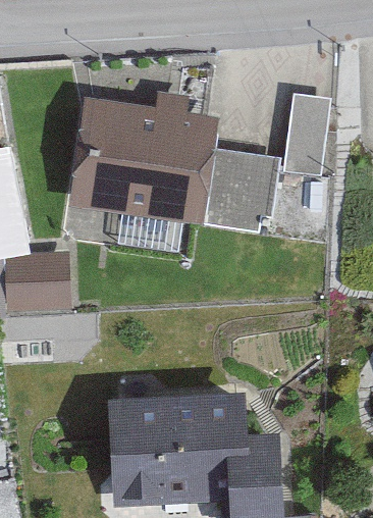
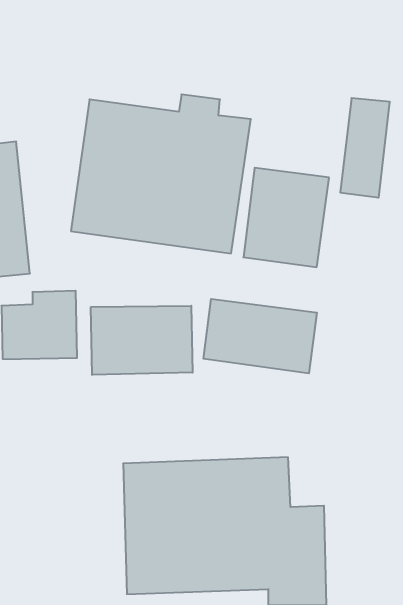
building: none -> [203,299,317,373]
building: none -> [91,306,193,375]

